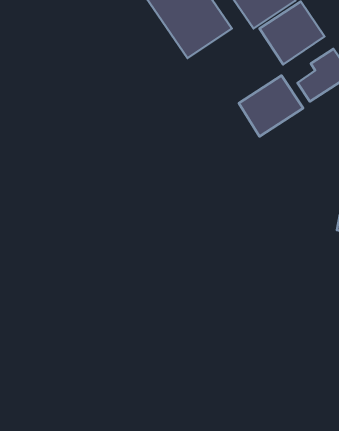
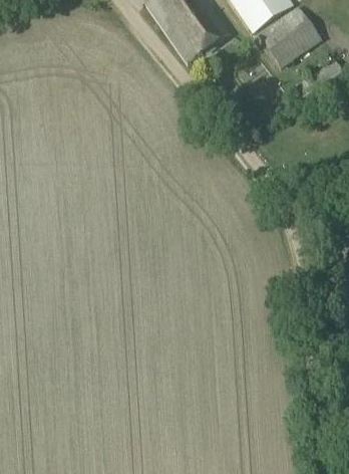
building: [239,76,303,136] -> none

